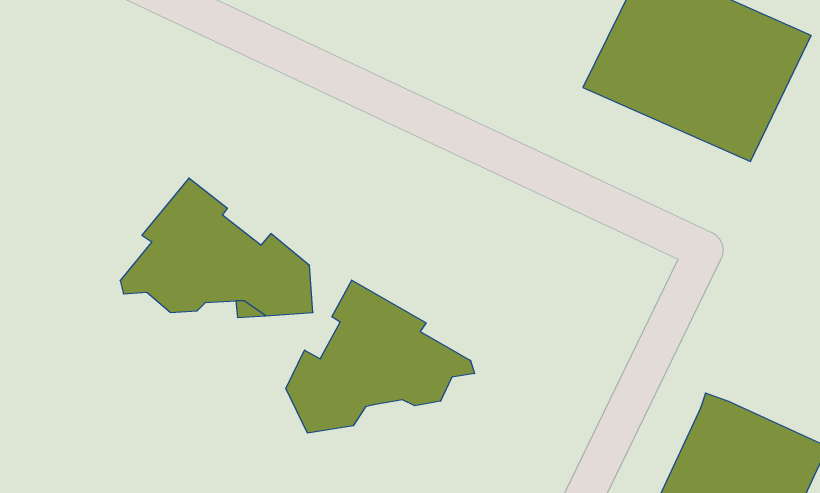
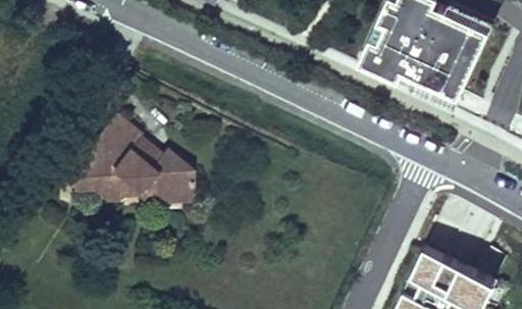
building: [286,280,475,433] -> none

